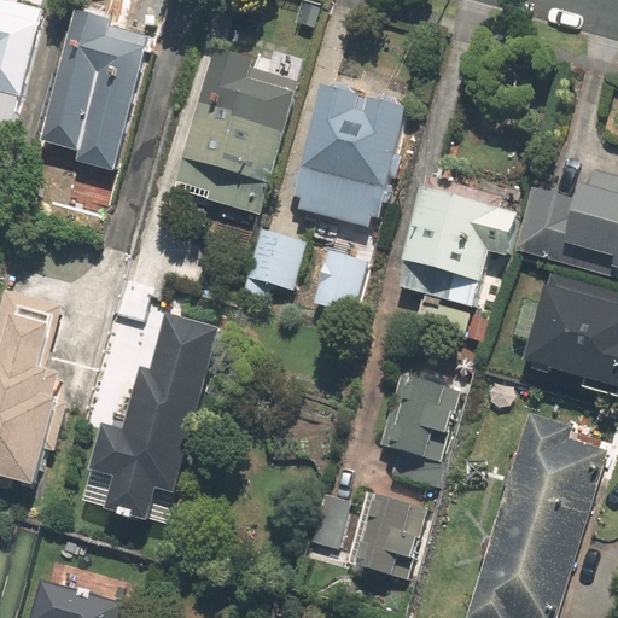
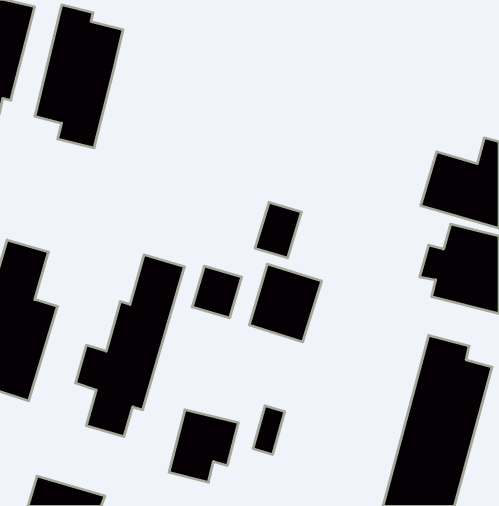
building: [174,46,297,211] -> none
building: [291,80,404,229] -> none
building: [396,186,517,309] -> none
building: [245,226,305,288] -> [192,266,242,318]
building: [375,371,464,465] -> [249,264,322,342]
building: [343,490,427,578] -> [169,410,238,482]

